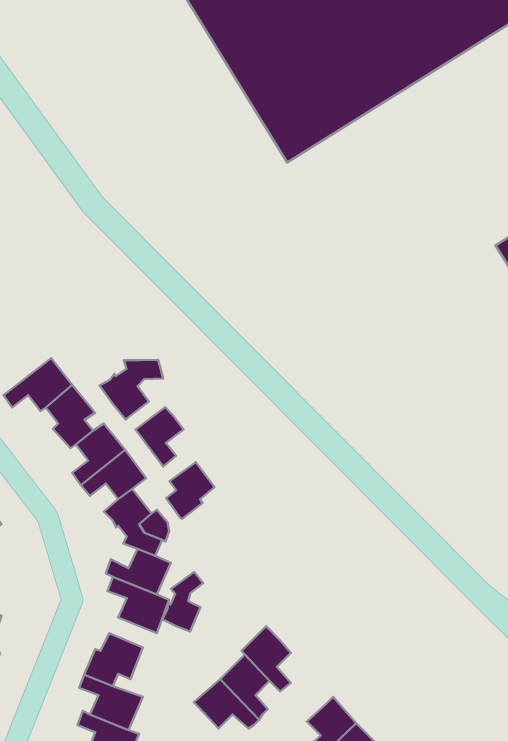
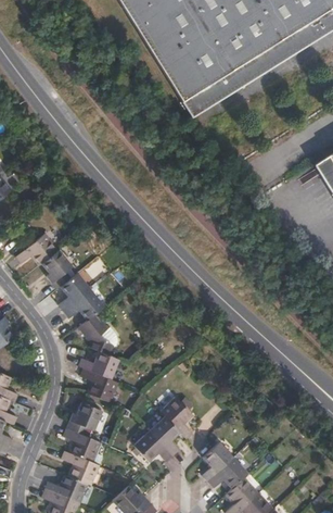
building: [99,360,163,420] -> none
building: [135,407,184,466] -> none
building: [166,462,214,519] -> none
building: [162,572,203,632] -> none

